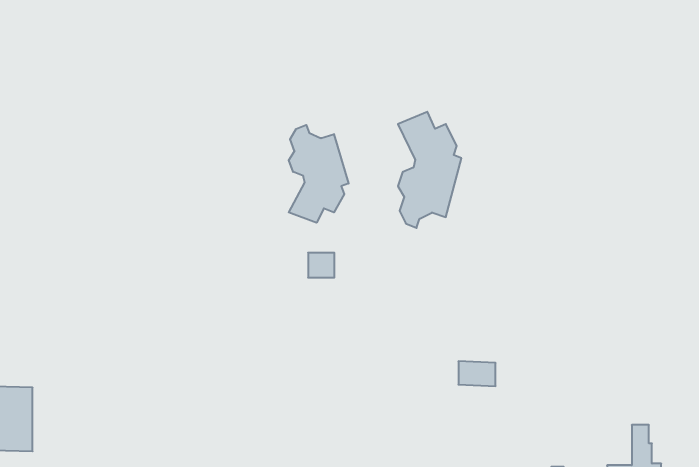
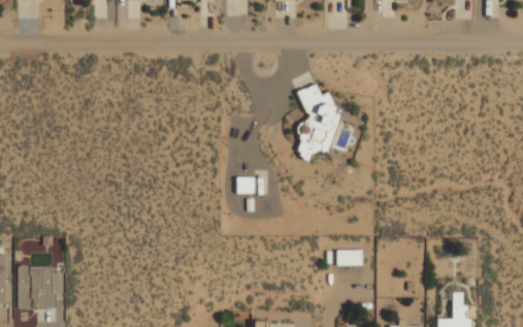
building: [289,125,349,223] -> none

